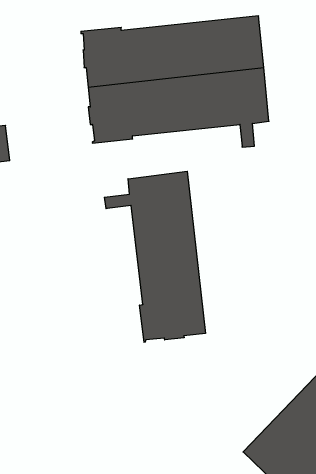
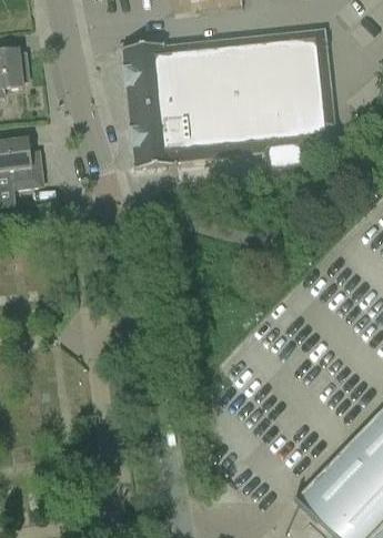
building: [104,171,205,342] -> none

